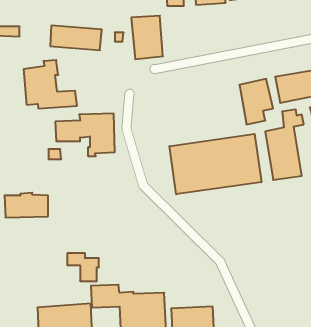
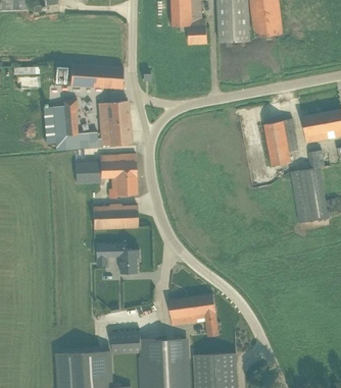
building: [131,16,163,59] -> [96,101,129,146]
building: [169,134,261,194] -> none
building: [4,193,48,217] -> [91,203,136,228]
building: none -> [168,293,218,335]
building: [67,253,99,281] -> [106,243,139,272]

